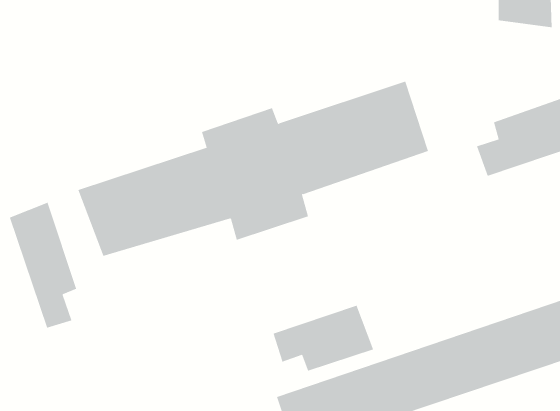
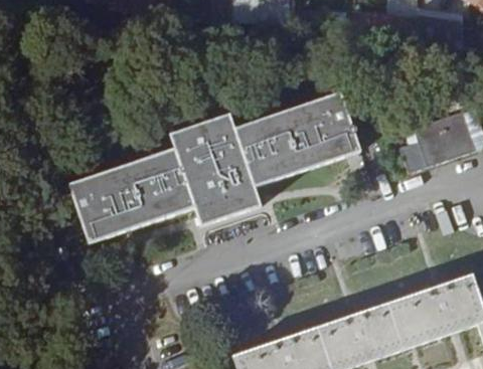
building: [9,202,77,328] -> none
building: [273,305,374,371] -> none

